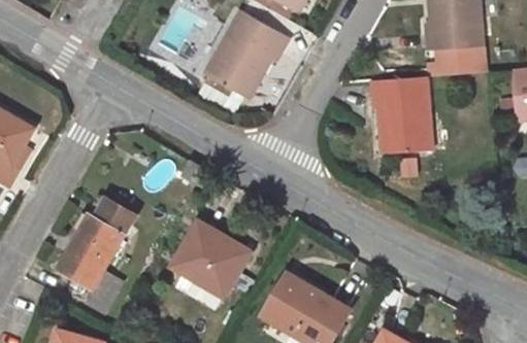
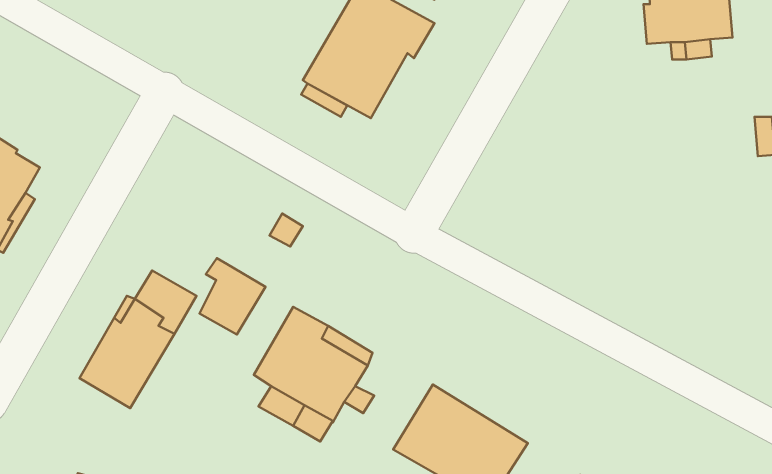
building: [371,76,432,153] -> none
building: none -> [200,258,266,335]
building: [85,270,123,314] -> none

